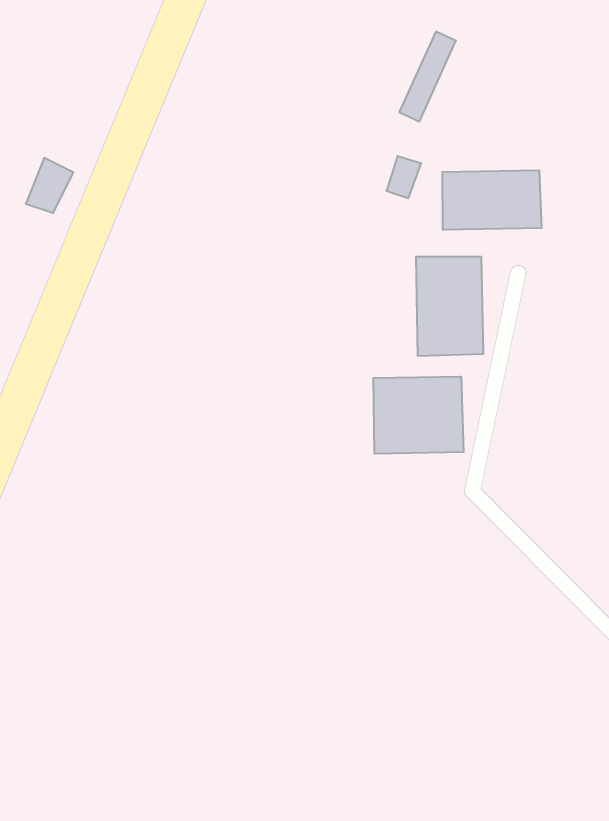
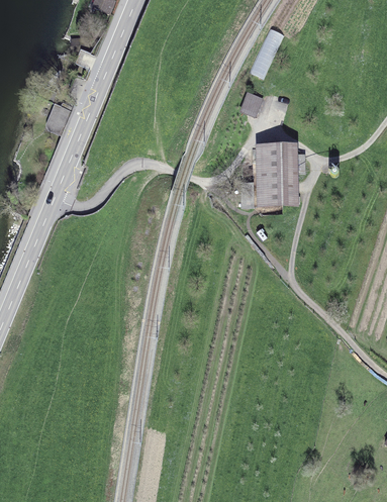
building: [442,170,542,230] -> none
building: [374,376,464,454] -> none

